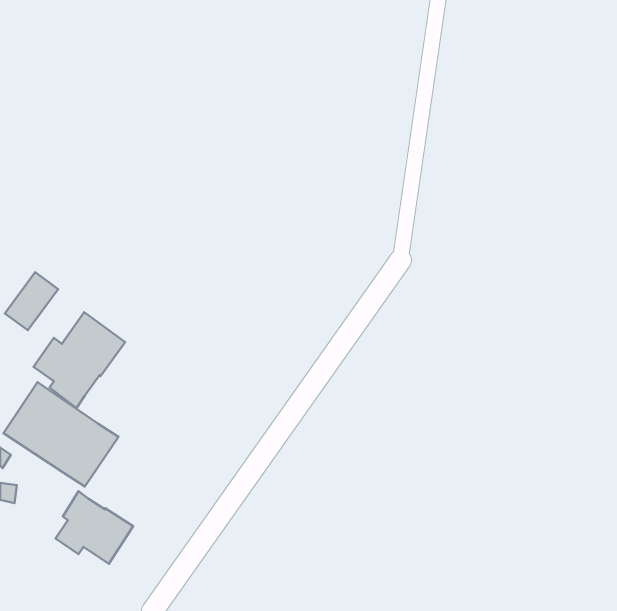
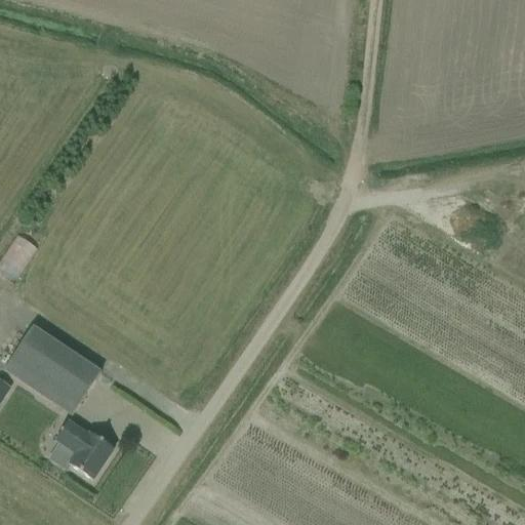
building: [33,312,125,408] -> none

